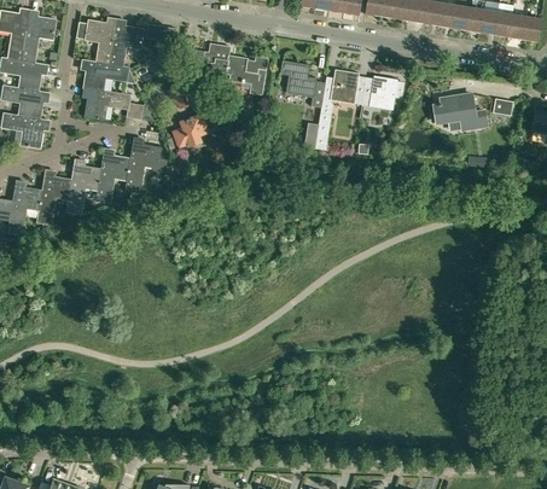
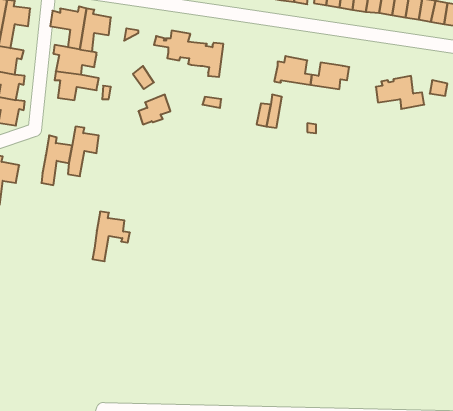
building: [280,60,326,107] -> none
building: [126,138,167,192] -> [92,212,130,261]
building: [37,169,72,223] -> none

